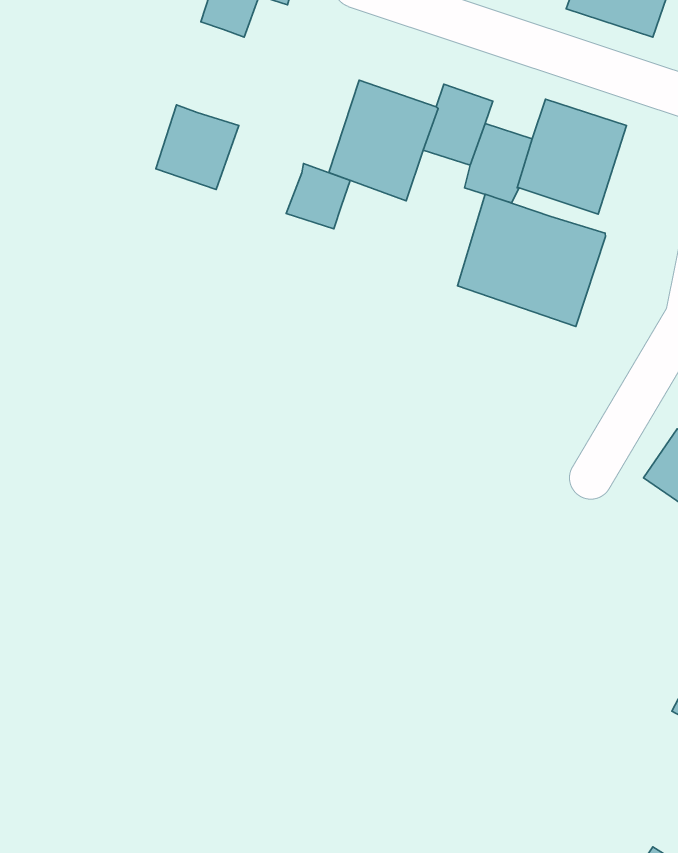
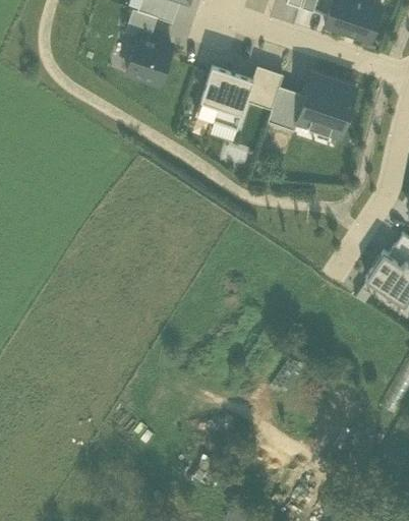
building: [156,105,239,190] -> [127,38,172,83]
building: [286,163,350,229] -> none
building: [457,194,606,326] -> none

